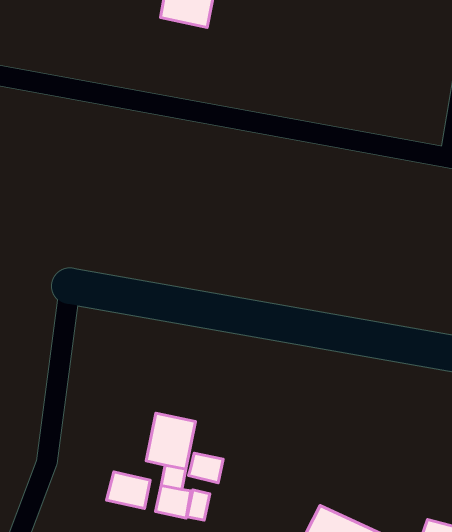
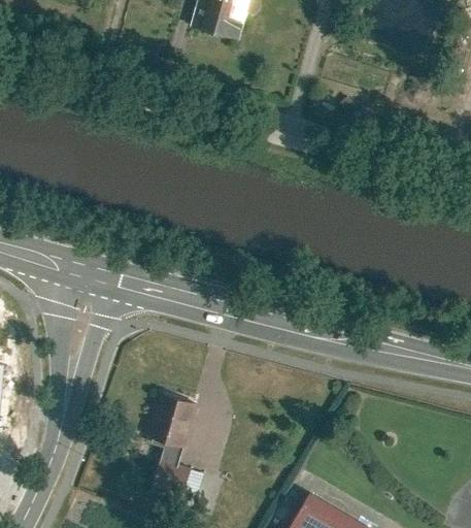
building: [189,453,223,483] -> none
building: [106,472,150,508] -> none

